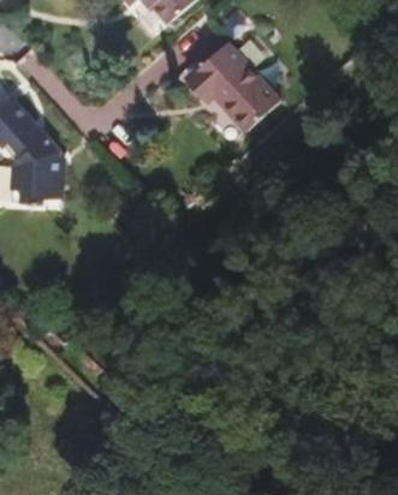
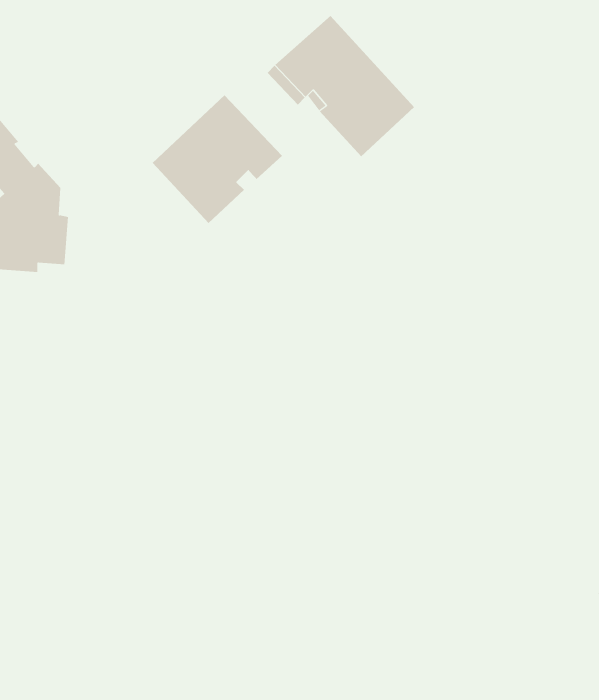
building: none -> [152,94,283,224]

